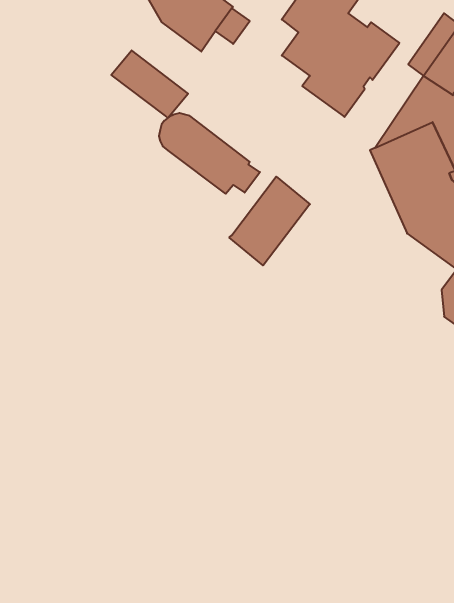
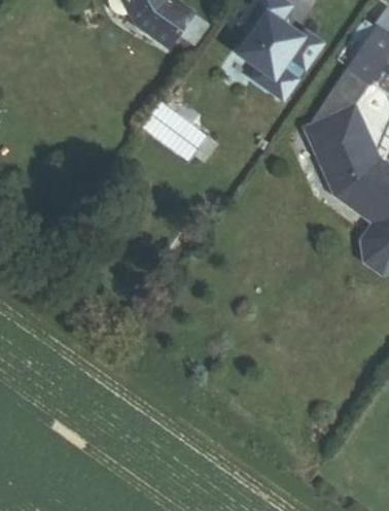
building: [111,50,188,118] -> none
building: [229,177,310,265] -> none

